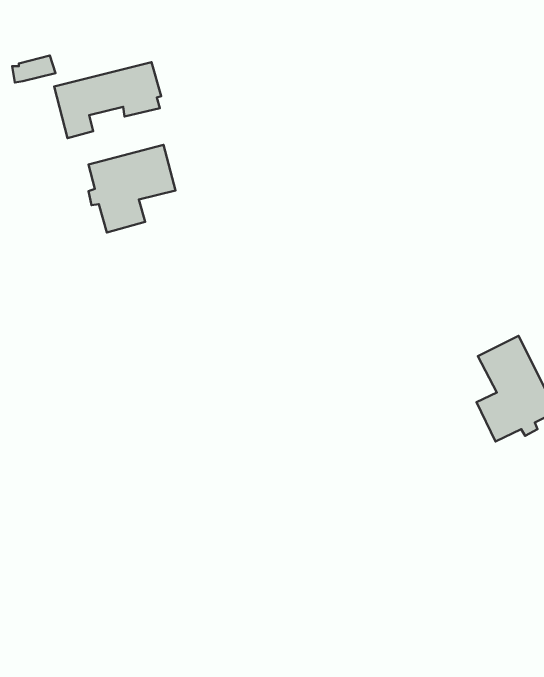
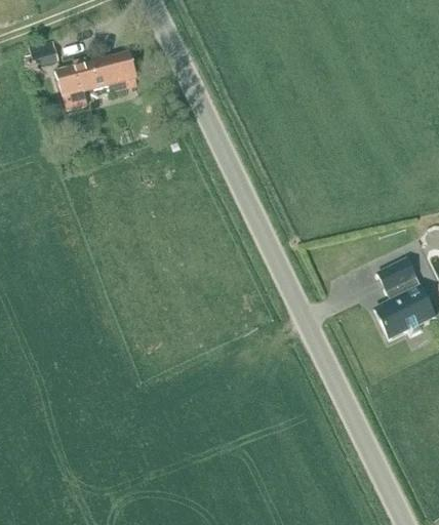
building: [88,145,175,232] -> none

